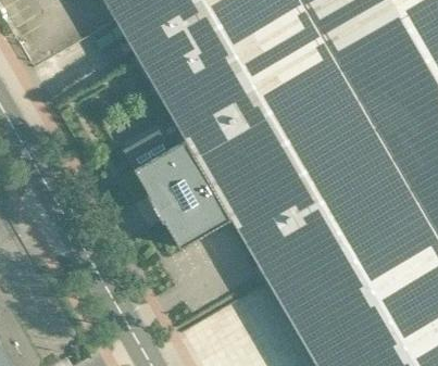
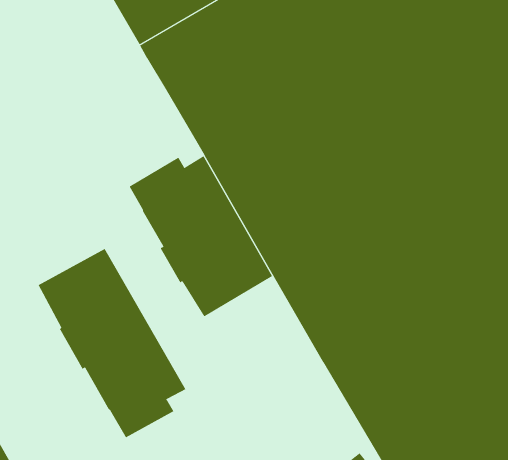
building: none -> [38,248,186,438]

